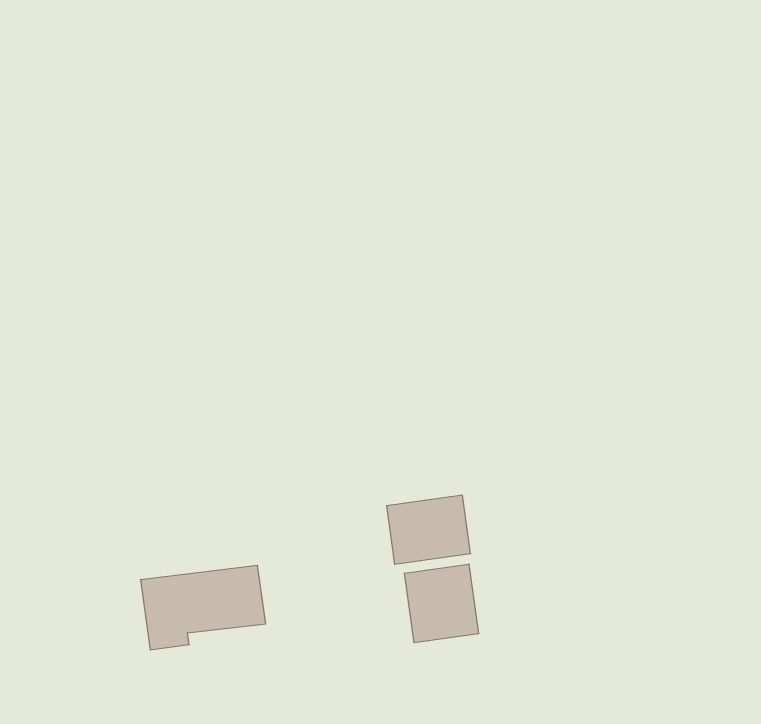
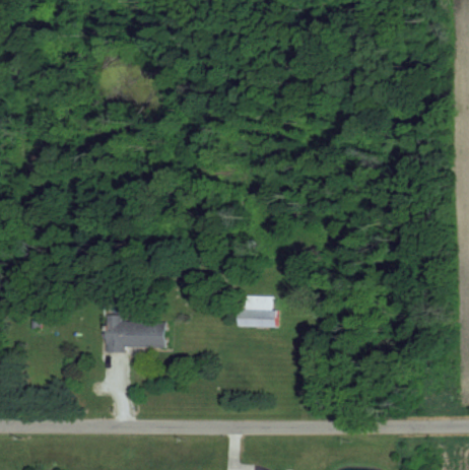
building: [404,564,479,643] -> none

